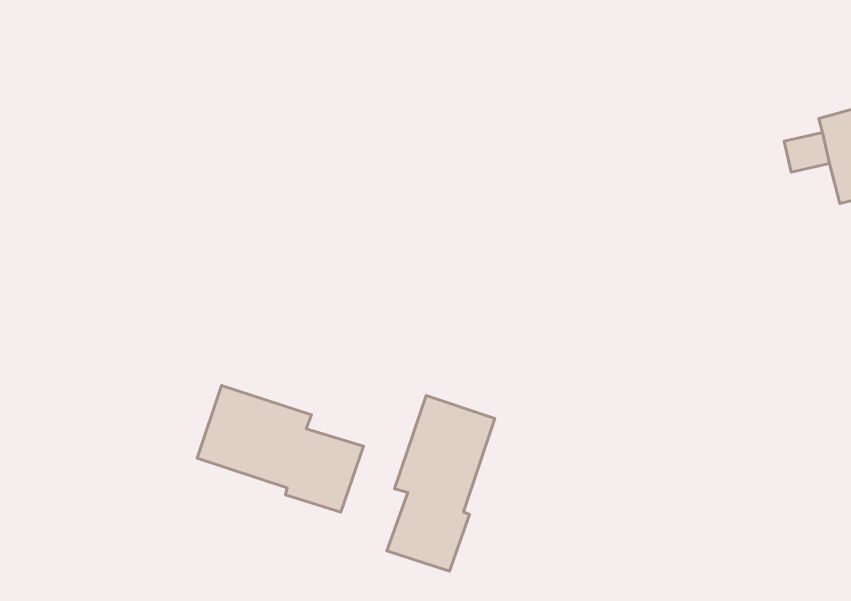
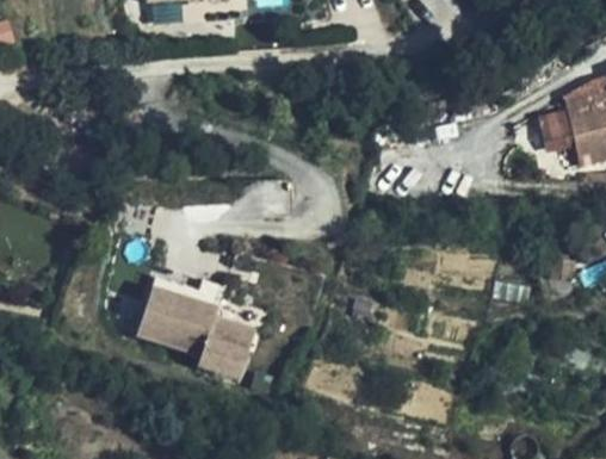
building: [387,396,495,571] -> none

